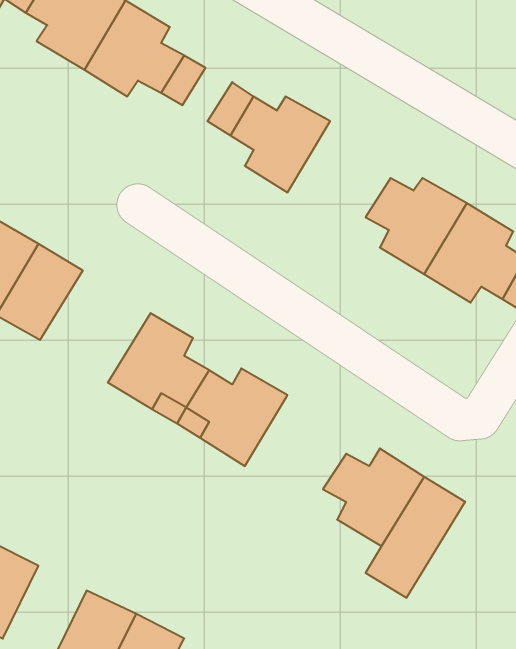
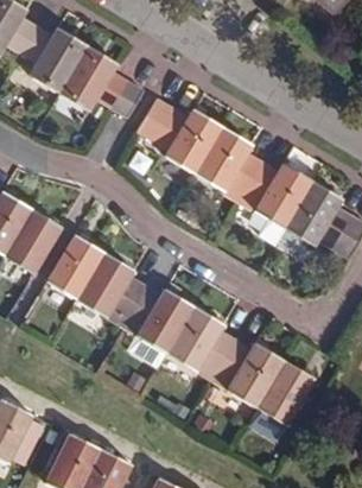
building: none -> [198,125,267,191]
building: none -> [51,236,107,299]
building: none -> [170,308,237,374]

